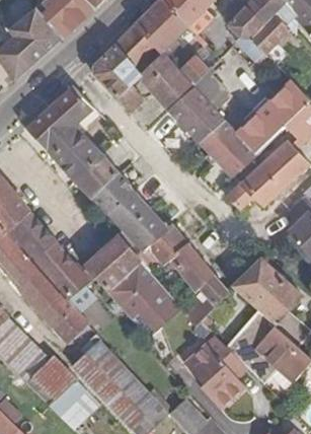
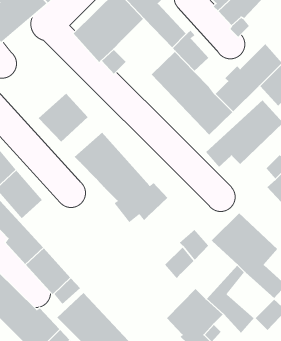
building: [139,55,195,113] -> none
building: [24,84,93,158] -> none
building: [76,157,119,199] -> none
building: [84,231,178,336] -> none
building: [167,241,215,292] -> none
building: [34,243,89,299] -> none
building: [249,319,298,367] -> none

